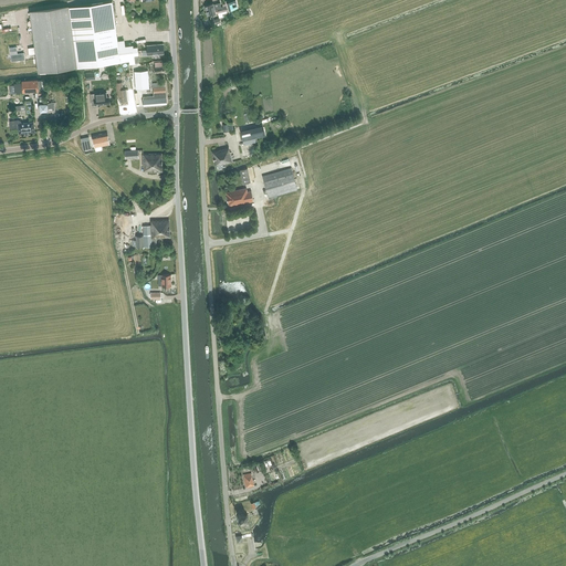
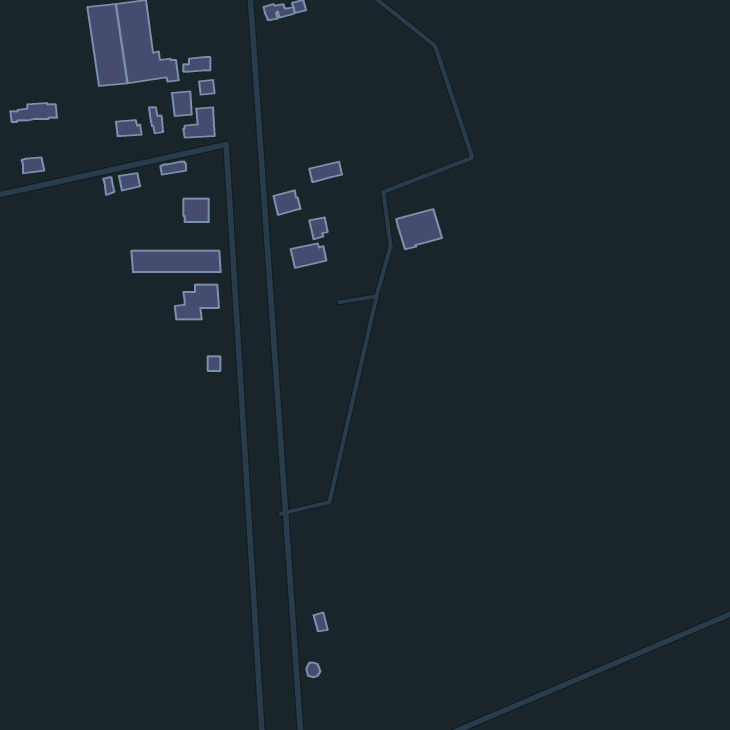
building: [29,7,76,73] -> none
building: [261,169,296,200] -> [396,209,442,249]
building: none -> [132,251,221,272]

